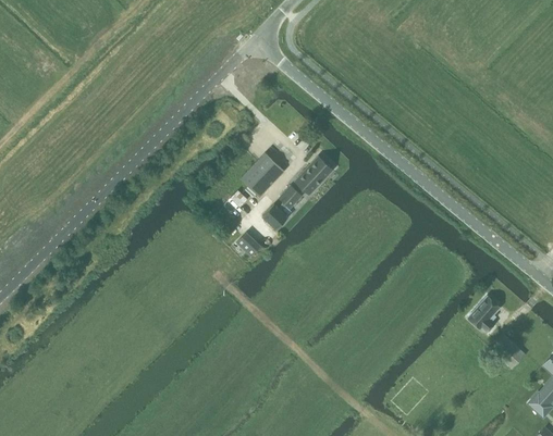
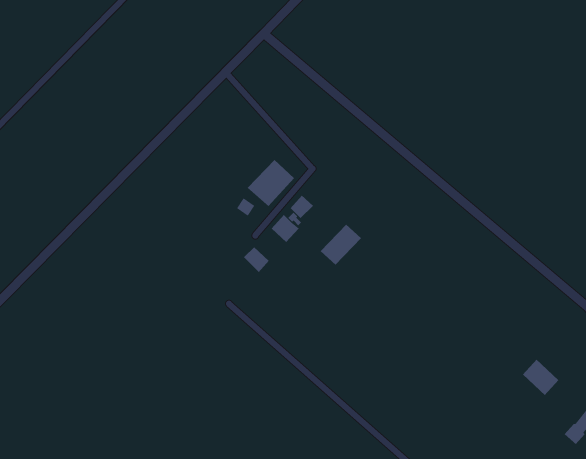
building: [295,155,333,194] -> [320,224,362,266]
building: [468,296,499,331] -> none

